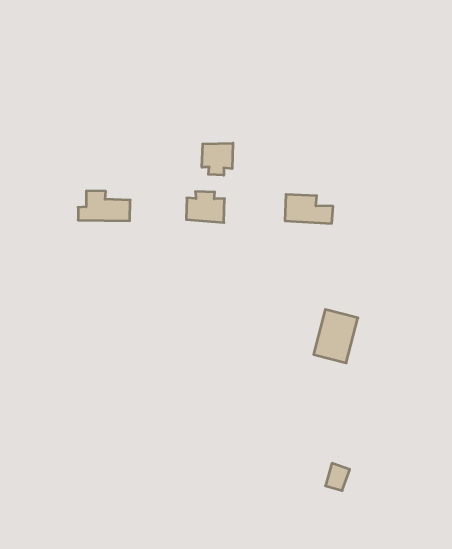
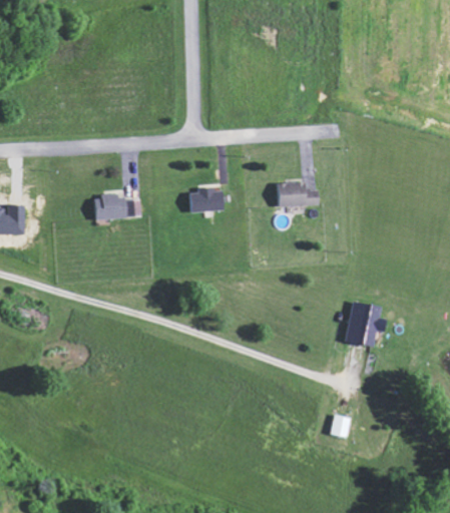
building: [202,143,233,175] -> none
building: [314,309,358,363] -> [344,301,380,346]

